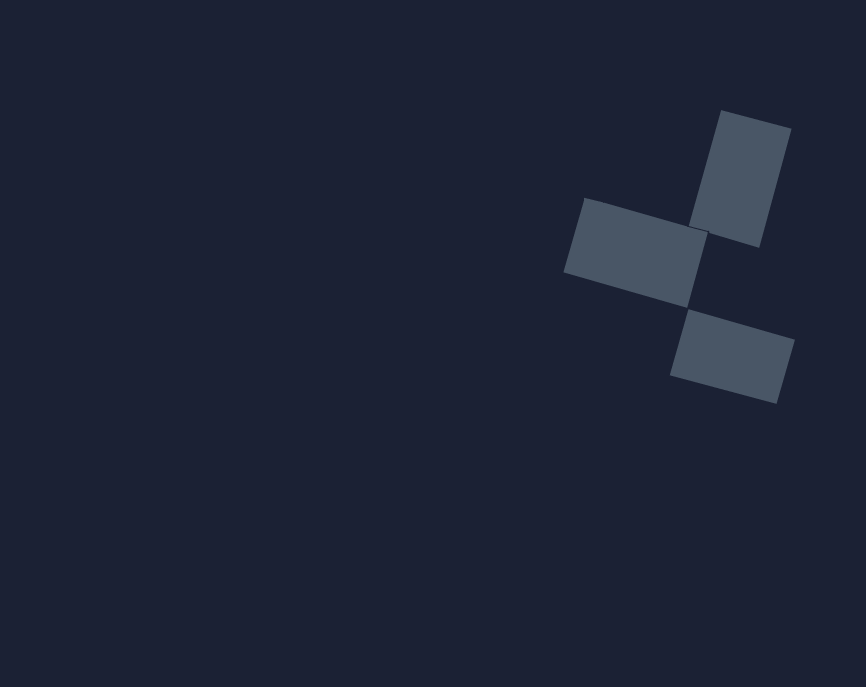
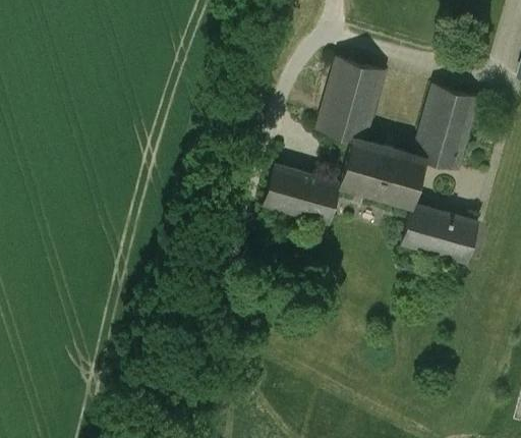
building: none -> [317,59,385,142]
building: none -> [264,166,340,223]

